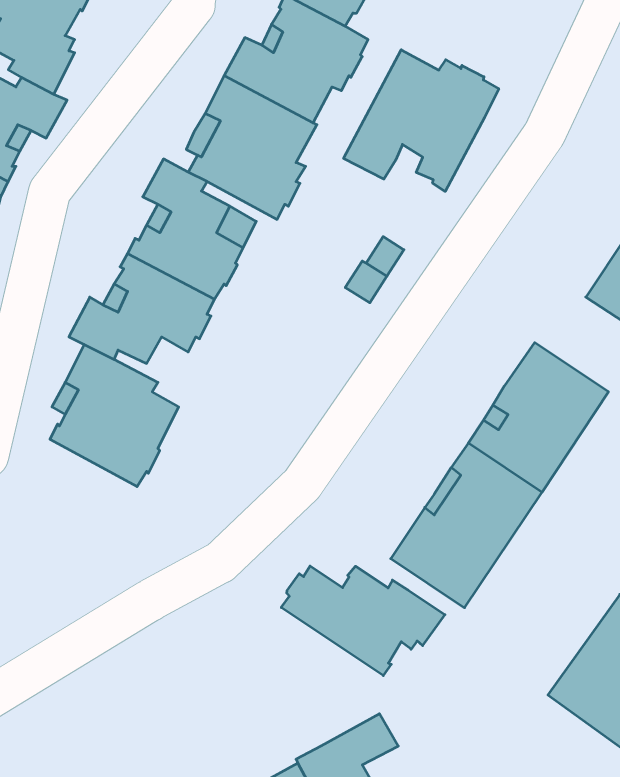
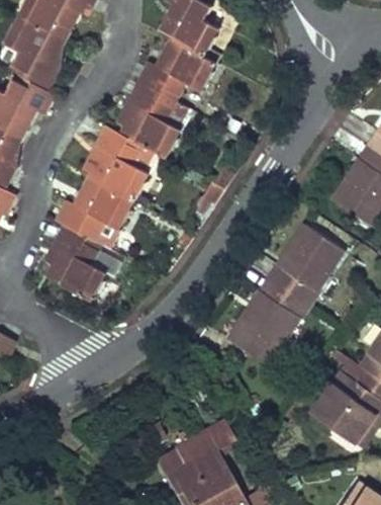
building: [344,50,499,191] -> none
building: [281,566,445,676] -> none

